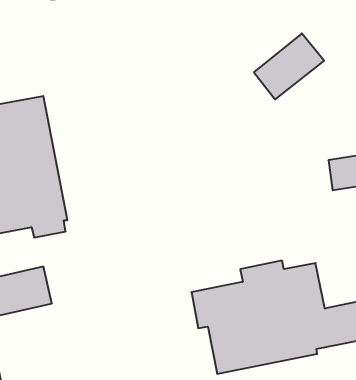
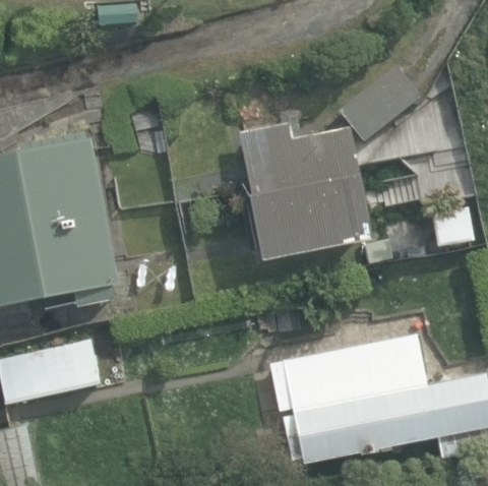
building: none -> [241,113,373,258]

